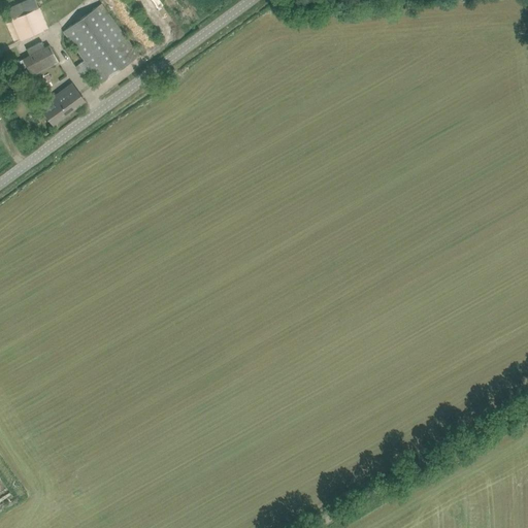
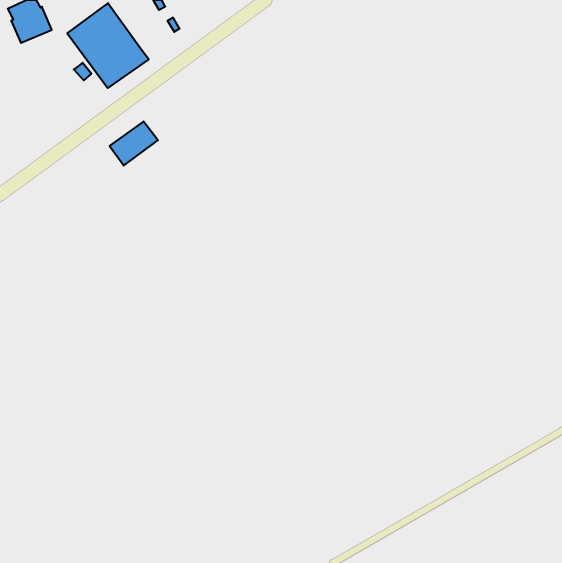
building: [13,41,59,76] -> none
building: [39,84,85,125] -> [110,121,158,166]

